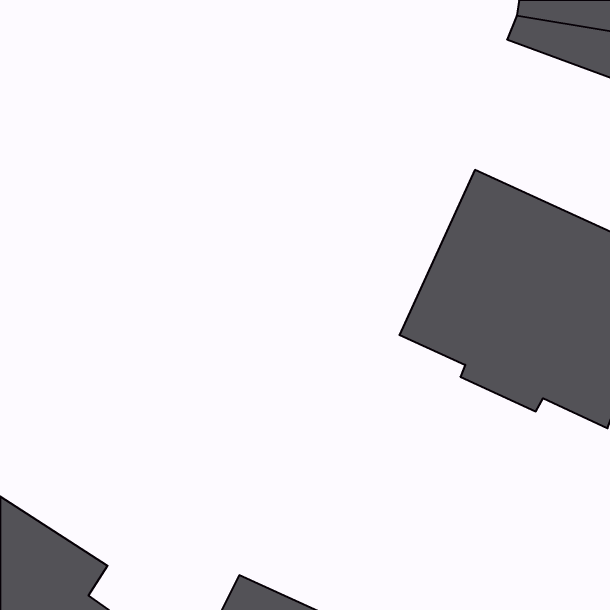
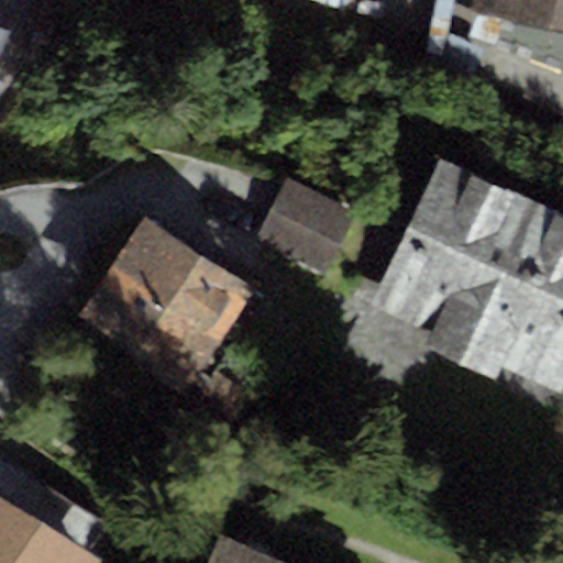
building: none -> [256,180,355,275]
building: none -> [78,217,255,397]

